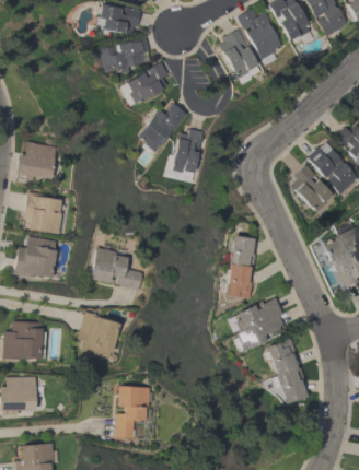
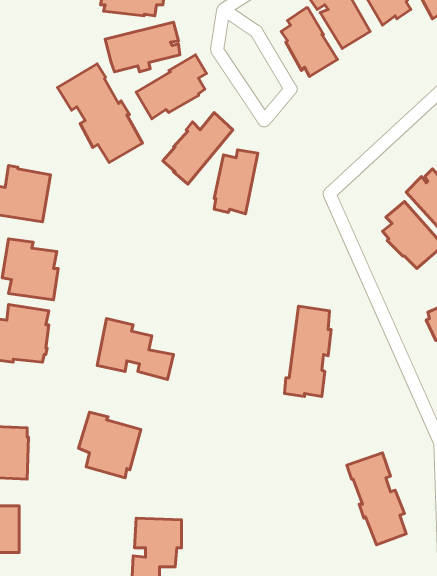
building: none -> [58,64,142,162]
building: [232,298,285,353] -> none

